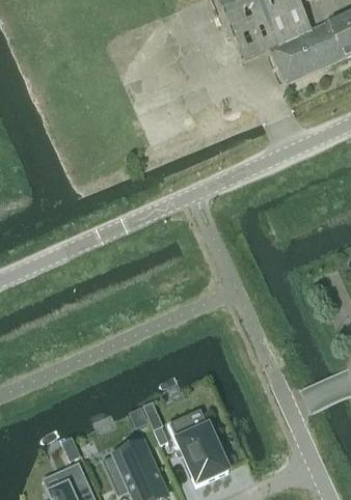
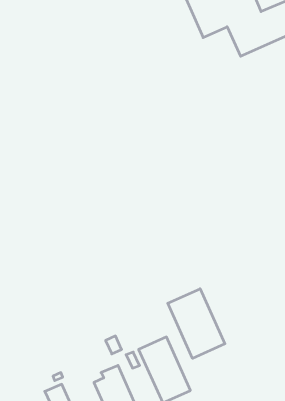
building: none -> [168,289,225,358]

